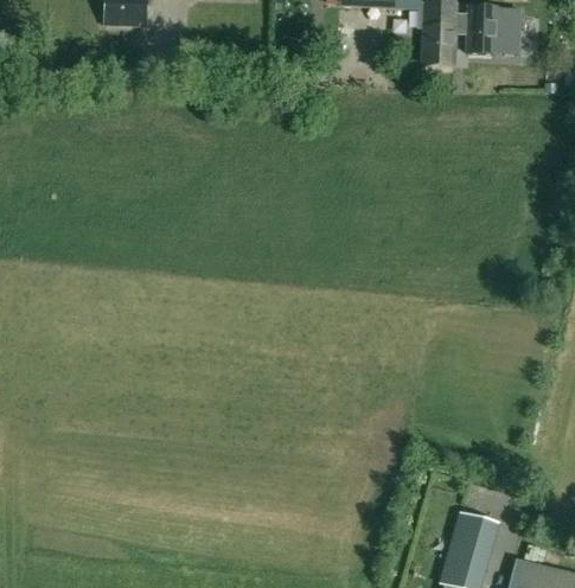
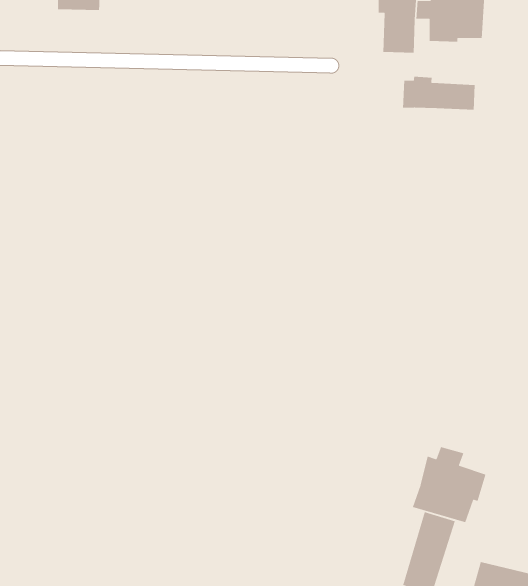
building: none -> [402,76,476,111]
building: none -> [412,446,487,523]

